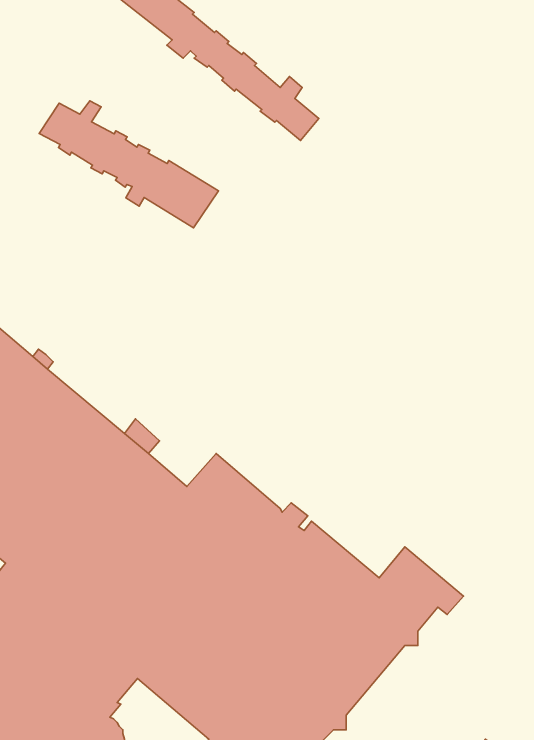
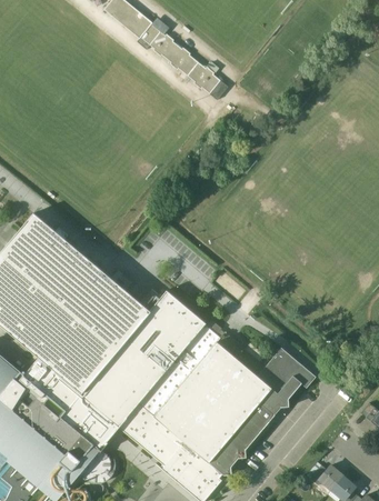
building: [39,101,218,228] -> none

